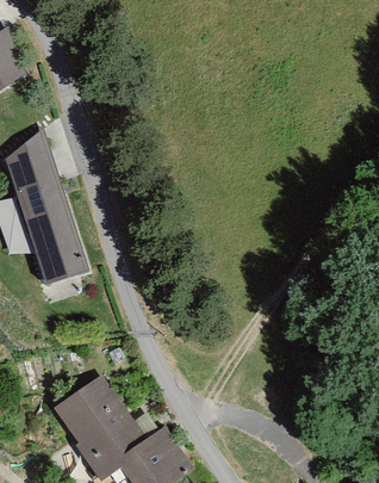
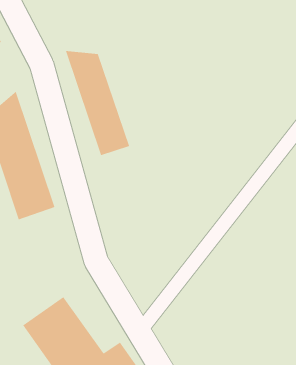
building: none -> [65,50,130,156]

